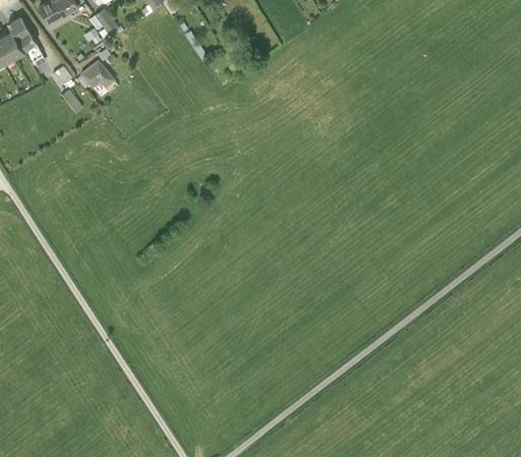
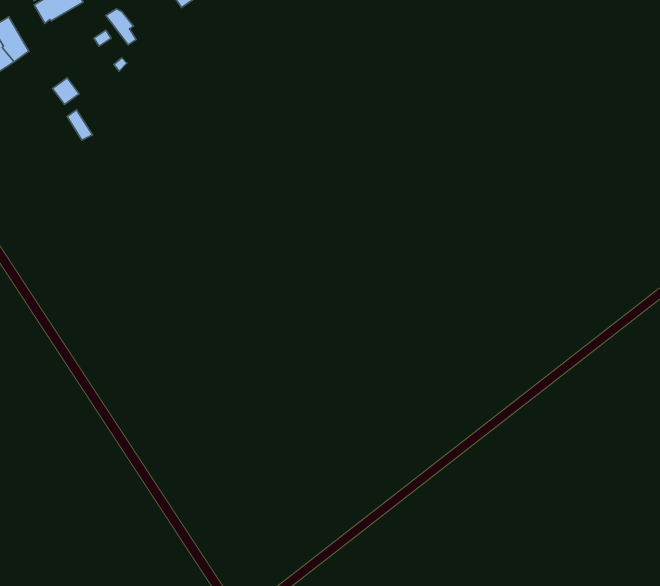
building: [79,62,113,90] -> none

